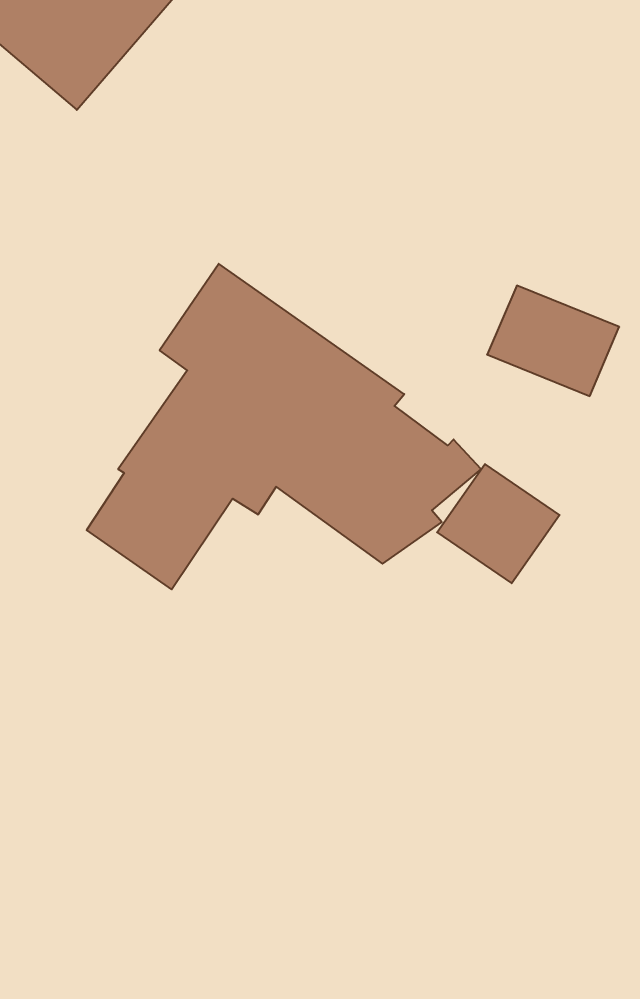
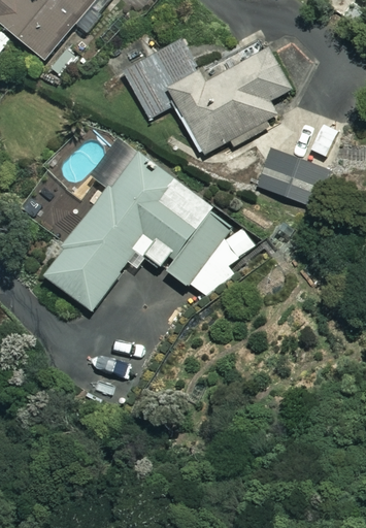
building: none -> [124,39,291,155]
building: [437,464,560,583] -> none

